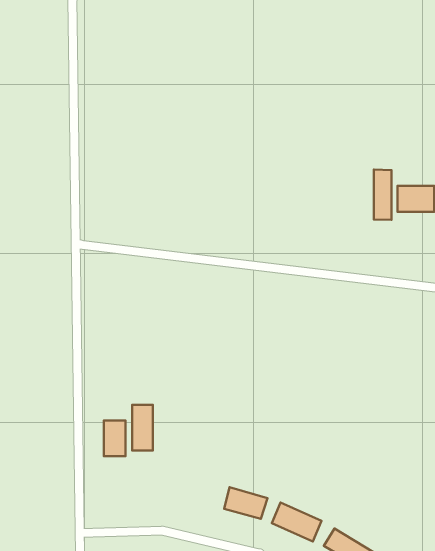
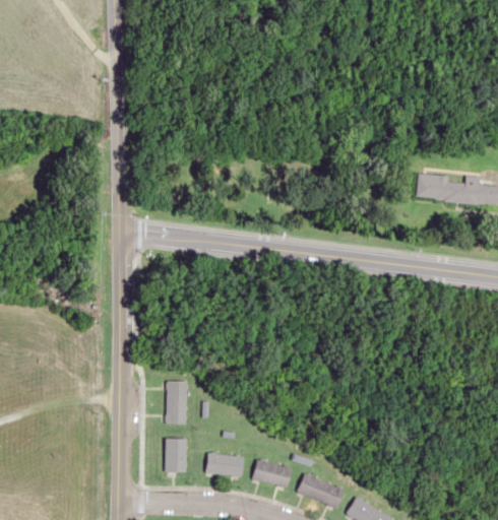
building: [374,169,391,220] -> none
building: [104,421,125,456] -> [166,438,186,471]
building: none -> [206,453,243,475]

